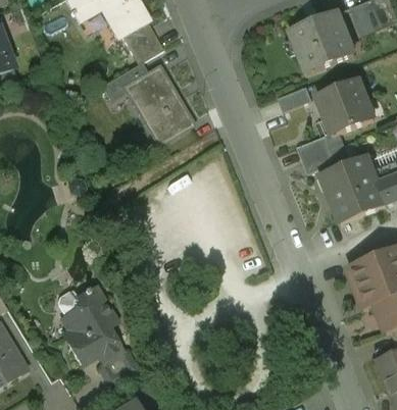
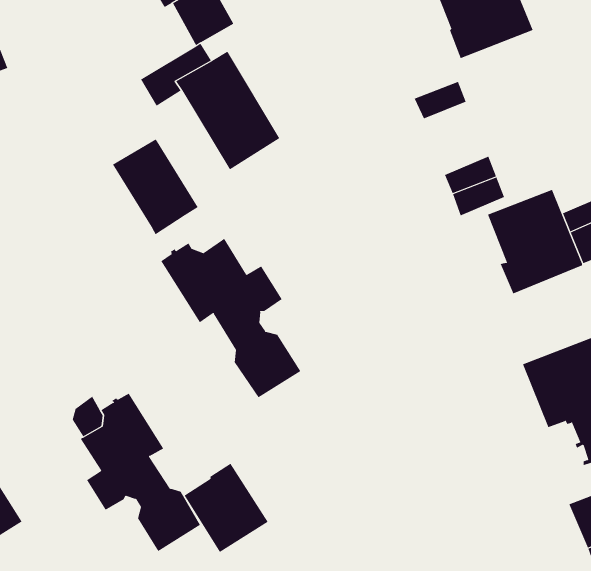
building: [316,76,375,134] -> none
building: none -> [112,138,199,235]
building: none -> [161,238,301,398]
building: none -> [184,463,269,553]

